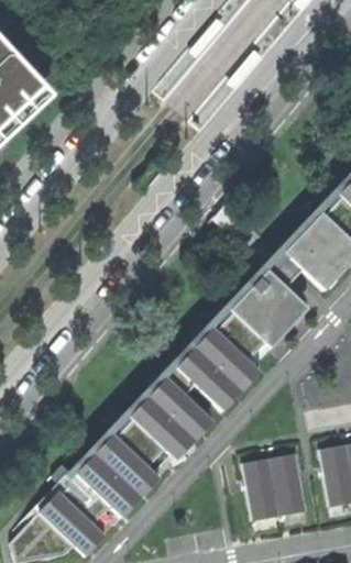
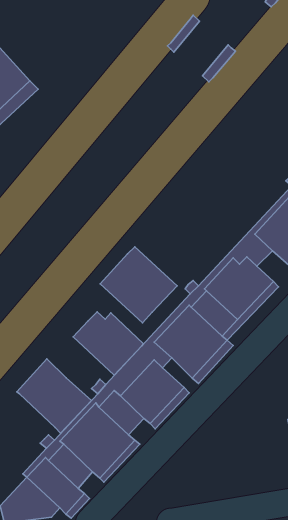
building: none -> [100,247,177,323]
building: none -> [73,312,144,375]
building: none -> [17,359,92,433]
building: [243,454,307,519] -> none

